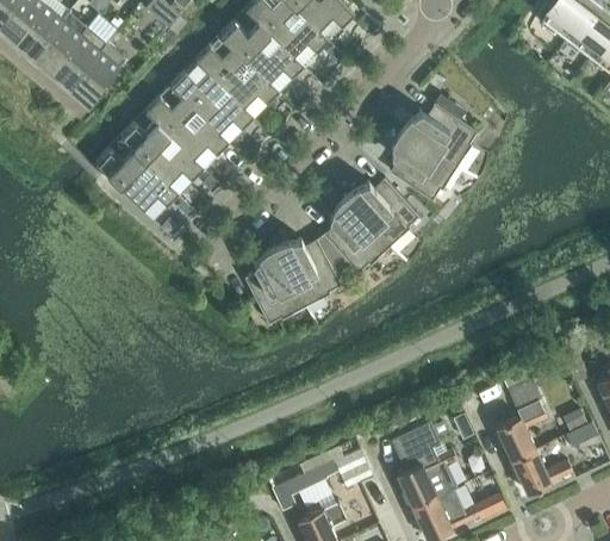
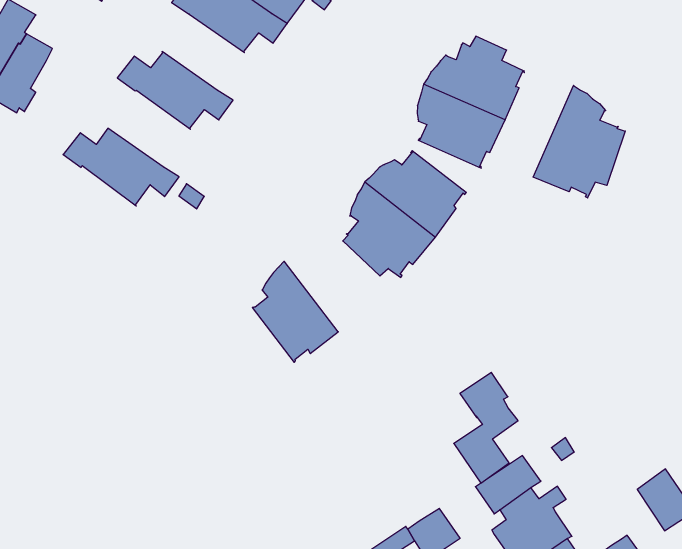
building: [194,48,279,108] -> none
building: [144,99,229,160] -> none
building: none -> [533,85,625,198]
building: [94,149,179,212] -> none
building: [273,237,343,305] -> none
building: [496,378,547,460] -> [454,372,518,483]

